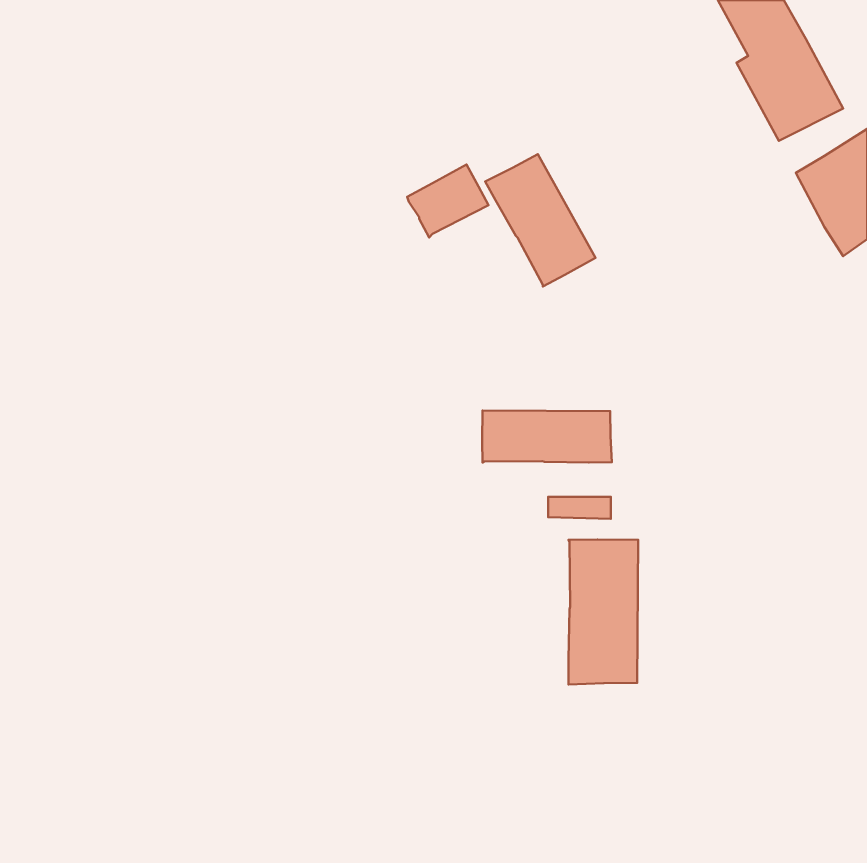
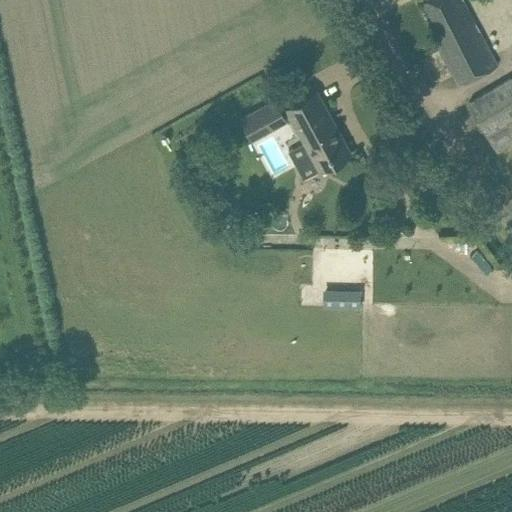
building: [482,411,612,462] -> none
building: [569,540,638,685] -> none

